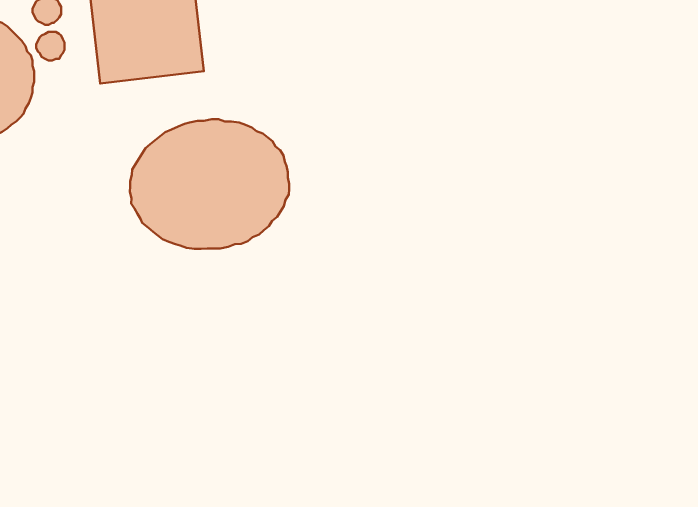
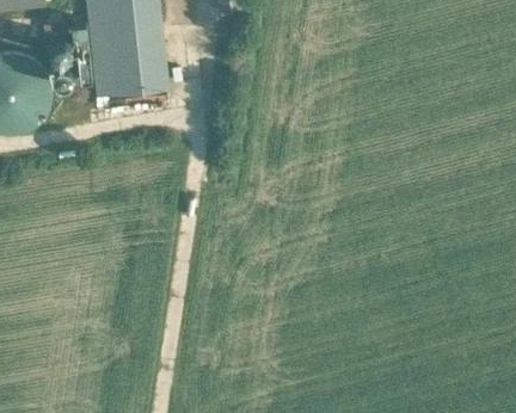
building: [130,119,289,249] -> none

